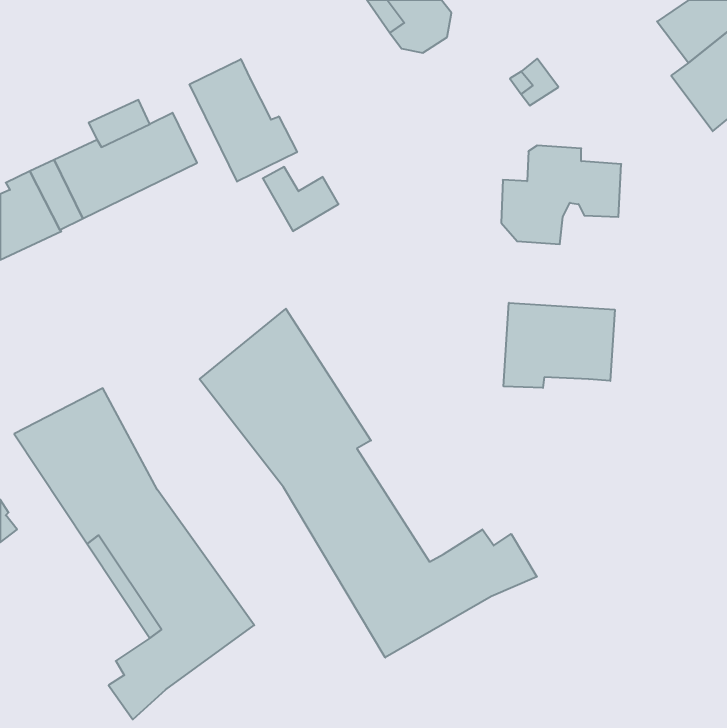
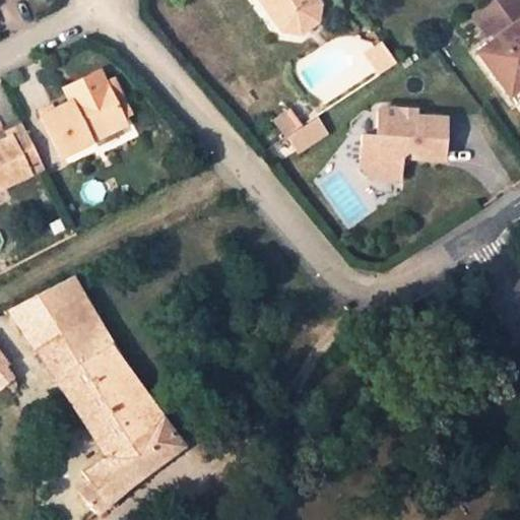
building: [190,59,297,182] -> none
building: [263,167,339,231] -> [273,109,327,154]
building: [504,303,615,388] -> none
building: [200,309,537,658] -> none

